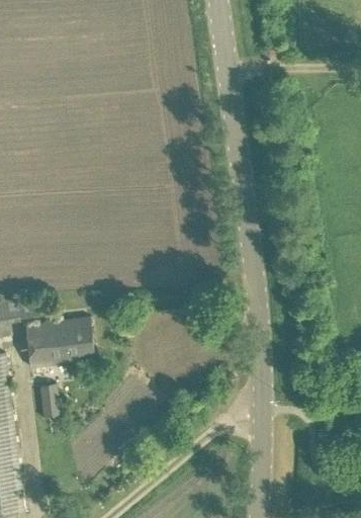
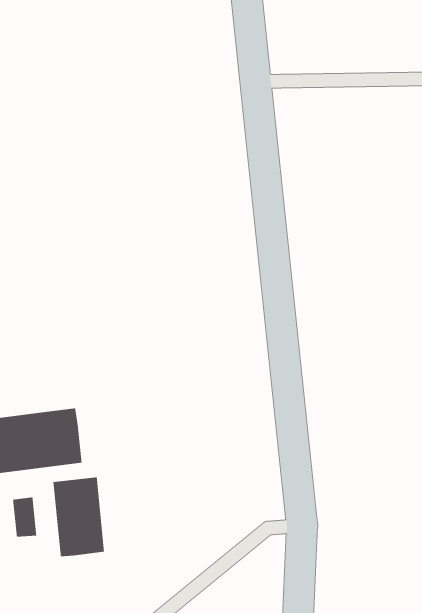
building: none -> [52,477,105,557]

